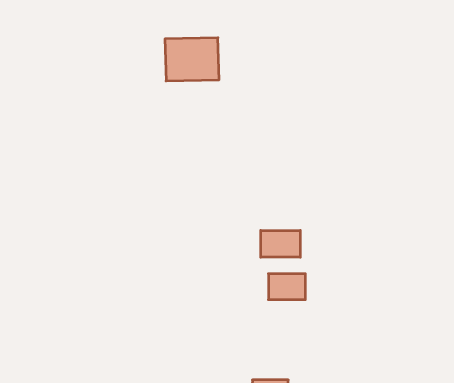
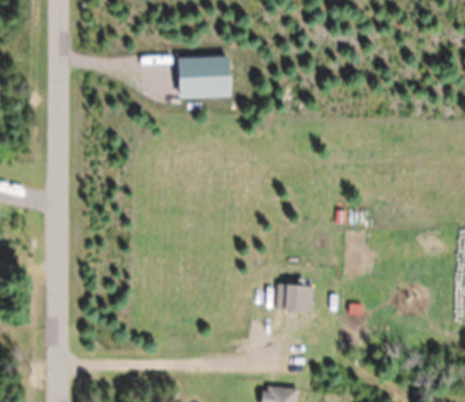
building: [261,230,300,257] -> none

